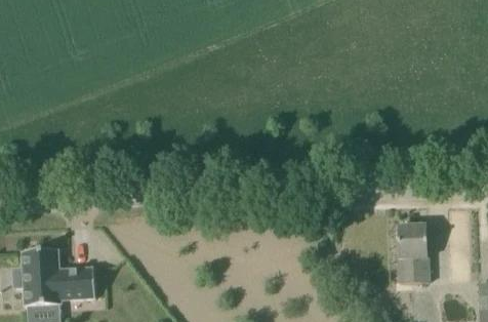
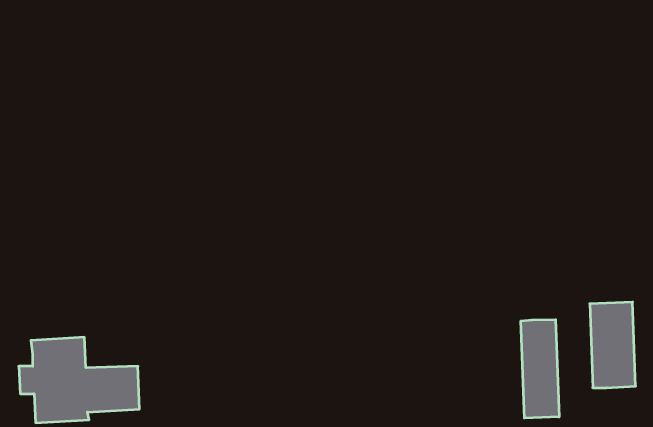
building: none -> [521,320,559,418]

